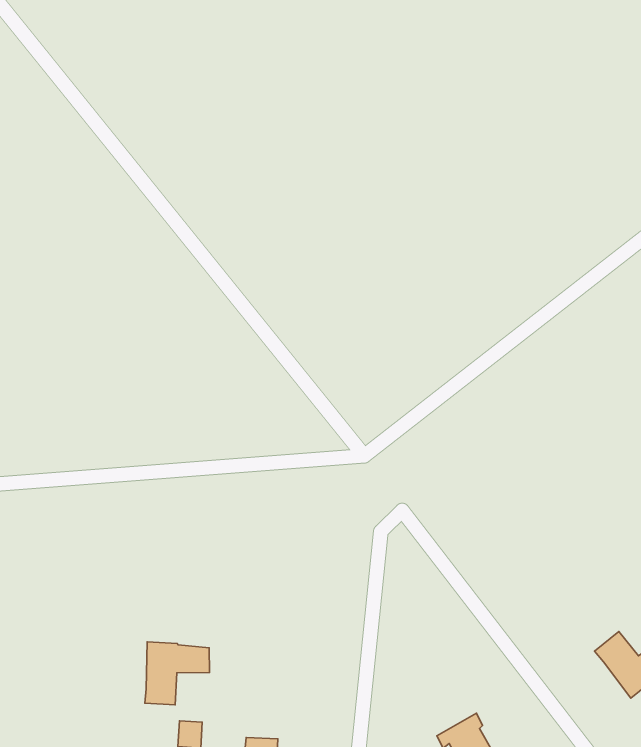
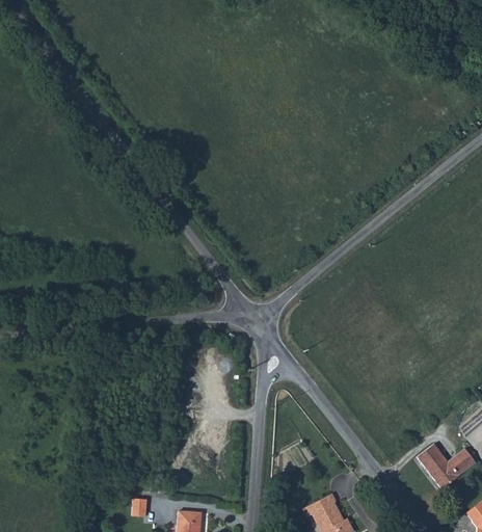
building: [145,642,209,705] -> none

